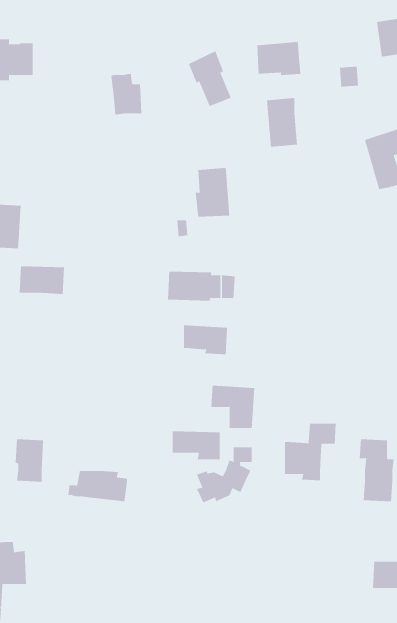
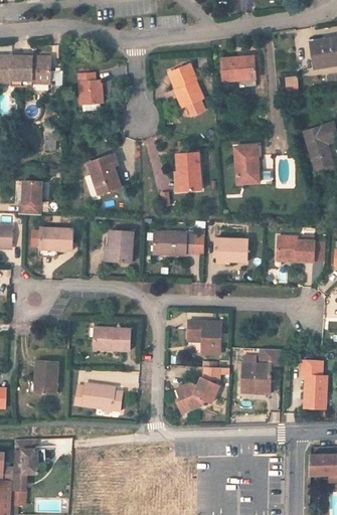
building: [111,73,142,115] -> [76,72,101,105]
building: [266,97,298,147] -> [233,146,258,184]
building: none -> [87,154,121,196]
building: none -> [109,231,133,264]
building: none -> [277,236,314,262]
building: [183,325,228,355] -> [213,238,247,262]
building: [172,431,221,460] -> [93,329,130,351]

